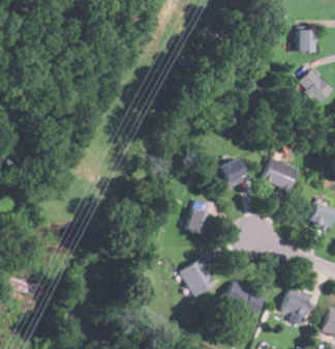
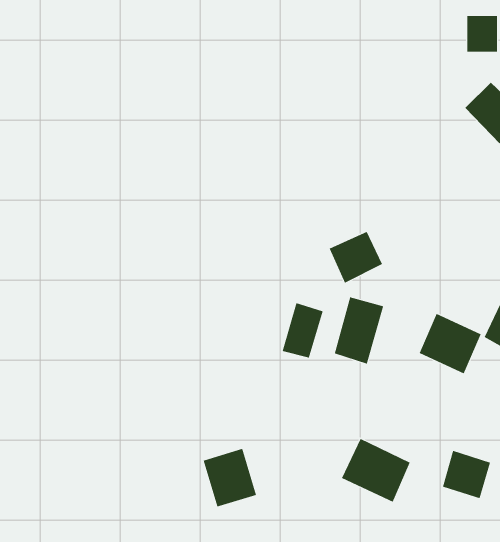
building: [262,156,299,193] -> [419,313,481,374]
building: none -> [334,297,384,364]
building: [182,260,214,295] -> [203,448,257,507]

